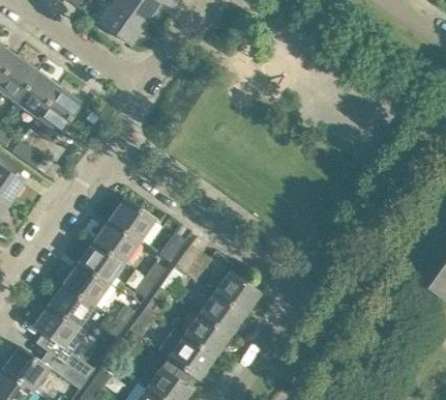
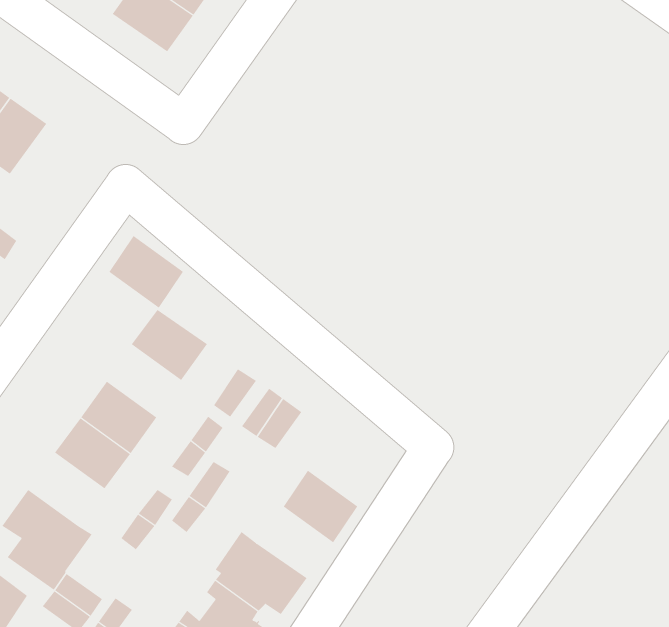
building: [37,88,80,134] -> none
building: [94,219,139,262] -> [109,235,184,308]
building: [213,272,259,315] -> none
building: [48,283,93,326] -> none
building: [183,315,229,358] -> none

